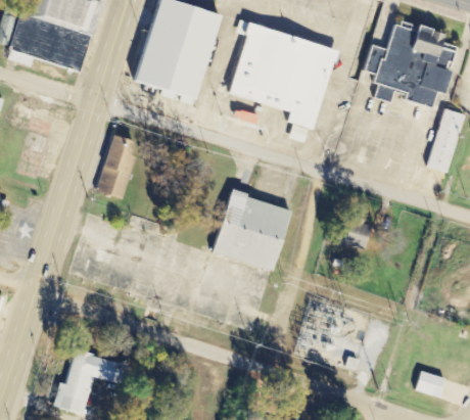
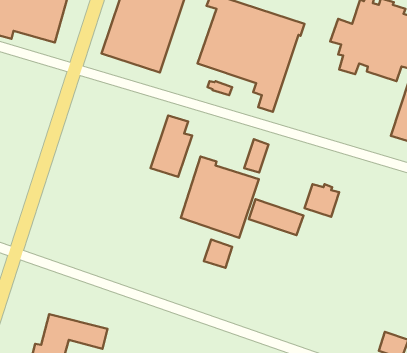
building: [96,137,139,200] -> [150,116,192,177]
building: none -> [244,139,268,172]
building: none -> [249,199,304,235]
building: none -> [204,239,232,268]

